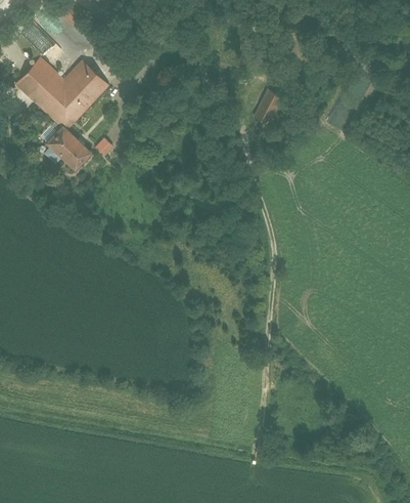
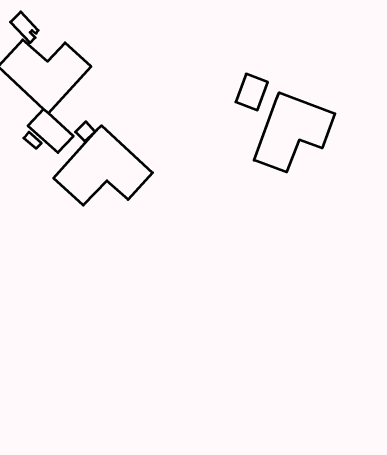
building: none -> [254,93,335,172]
building: none -> [54,126,153,205]

